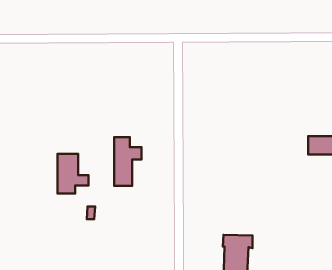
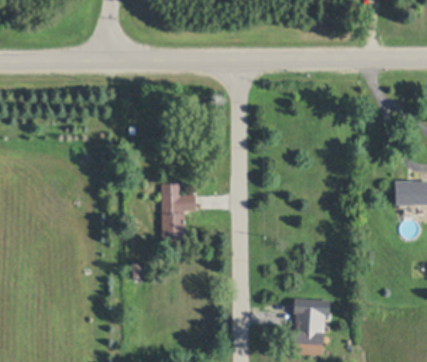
building: [58,154,88,193] -> none

